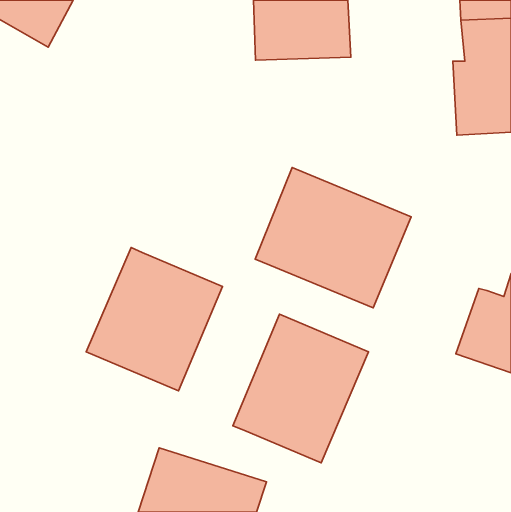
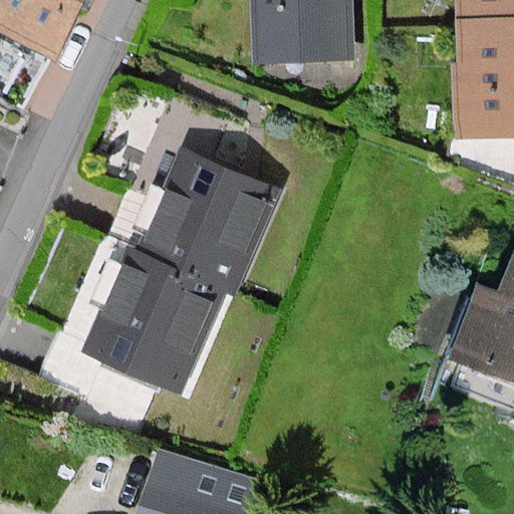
building: none -> [143,152,275,291]
building: [255,167,411,308] -> none
building: [233,314,368,463] -> none

